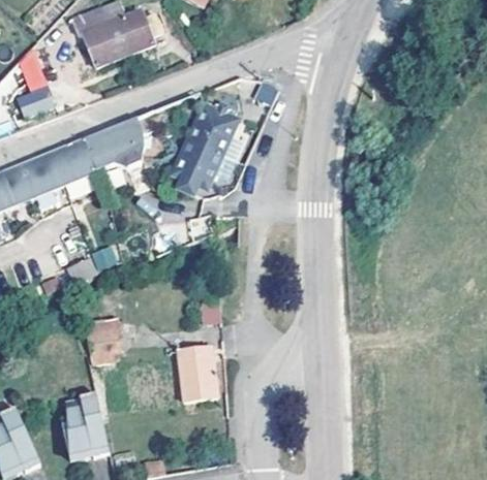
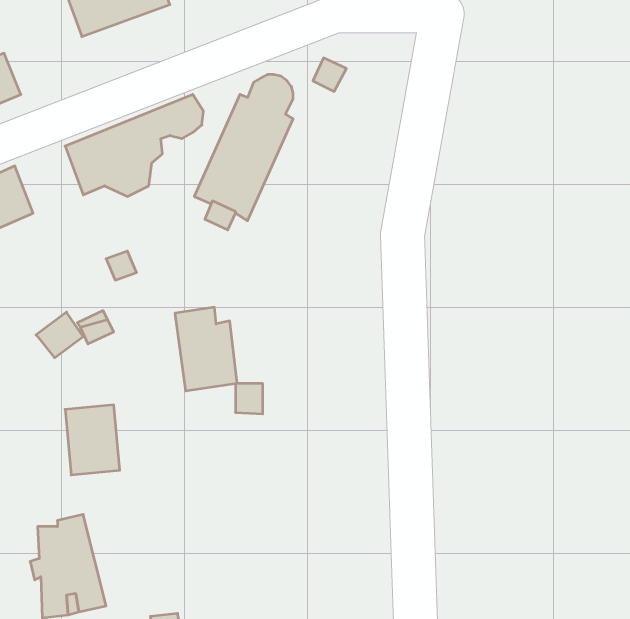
building: [50,139,96,185] -> none
building: [176,347,218,404] -> [175,307,237,391]

